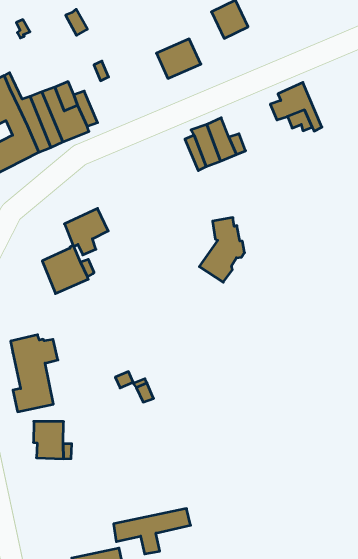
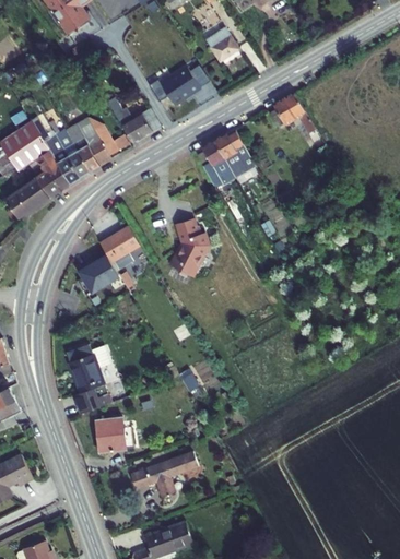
building: none -> [122,107,163,143]
building: [199,218,245,282] -> [169,218,208,276]
building: [114,509,191,554] -> [131,452,199,497]

